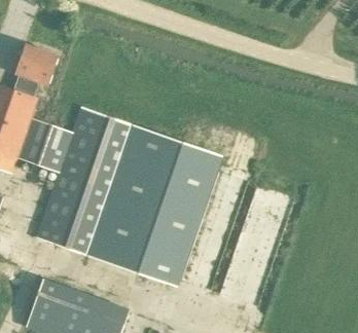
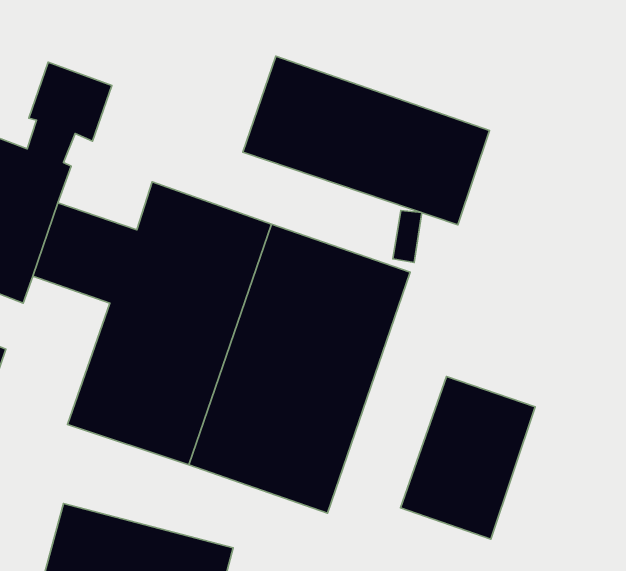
building: none -> [243,56,489,225]
building: none -> [401,377,535,539]

